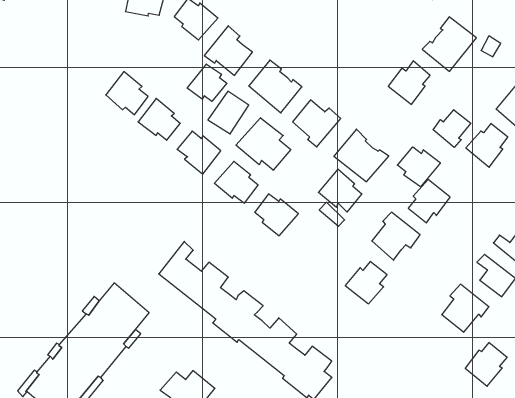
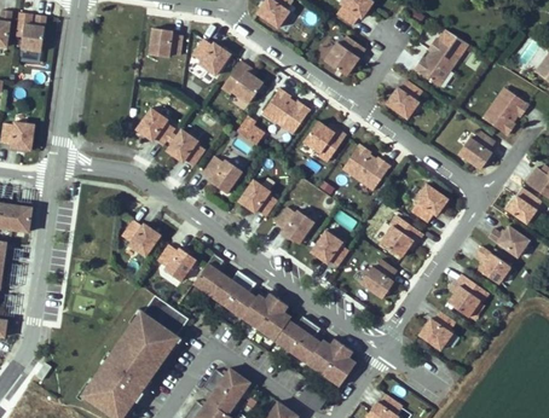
building: none -> [323,36,364,76]
building: [187,64,227,101] -> none
building: [433,110,471,147] -> none
building: [236,118,291,170] -> none
building: [397,147,440,187] -> none
building: [318,169,362,212] -> [310,230,348,267]
building: none -> [121,220,160,256]
building: none -> [157,244,195,280]
building: [465,343,507,386] -> [418,310,455,349]

